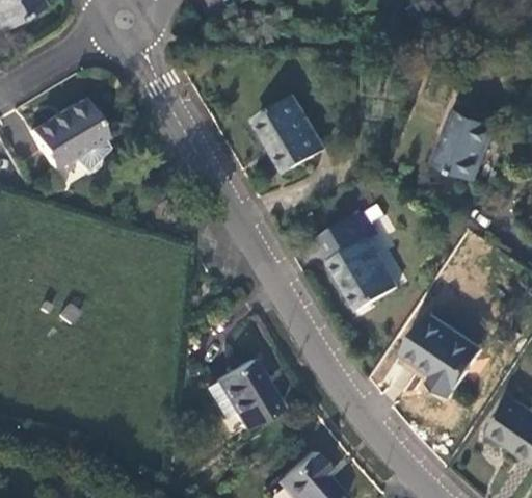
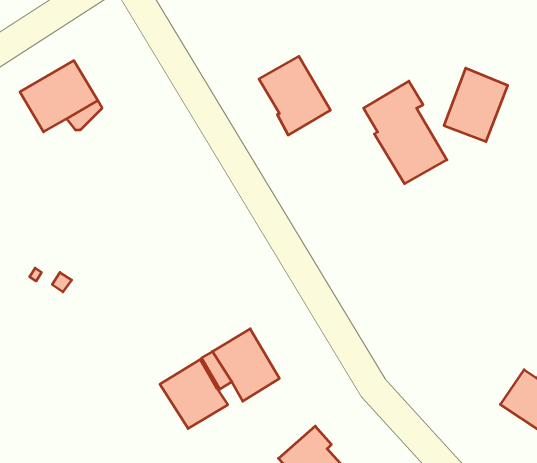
building: [317,211,397,310] -> [364,81,447,184]
building: [401,315,480,398] -> none
building: none -> [160,359,228,429]

